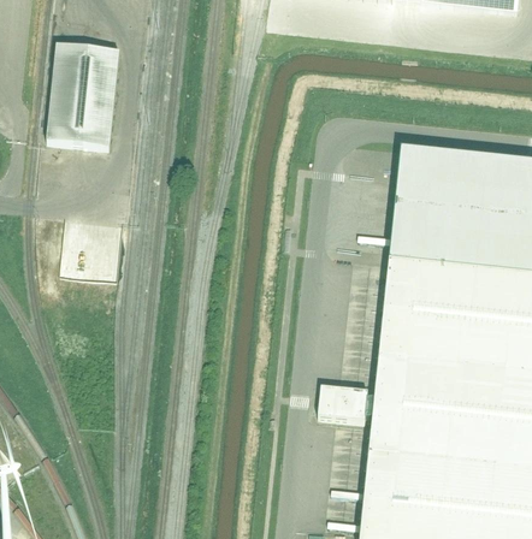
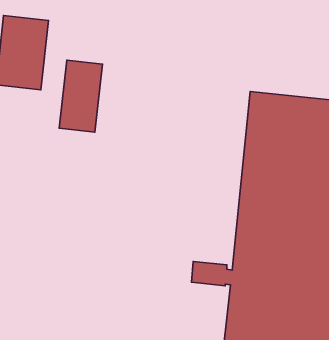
building: none -> [59,60,102,132]

